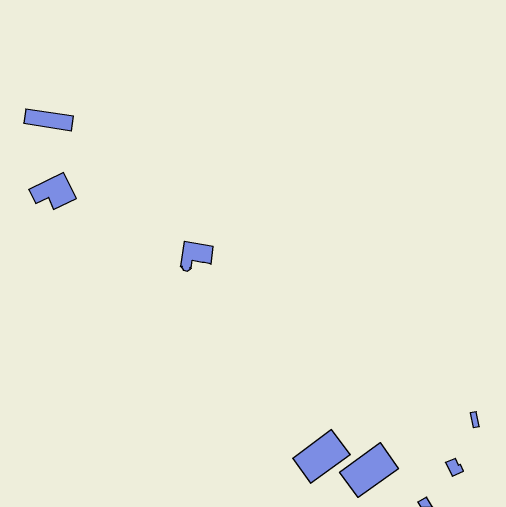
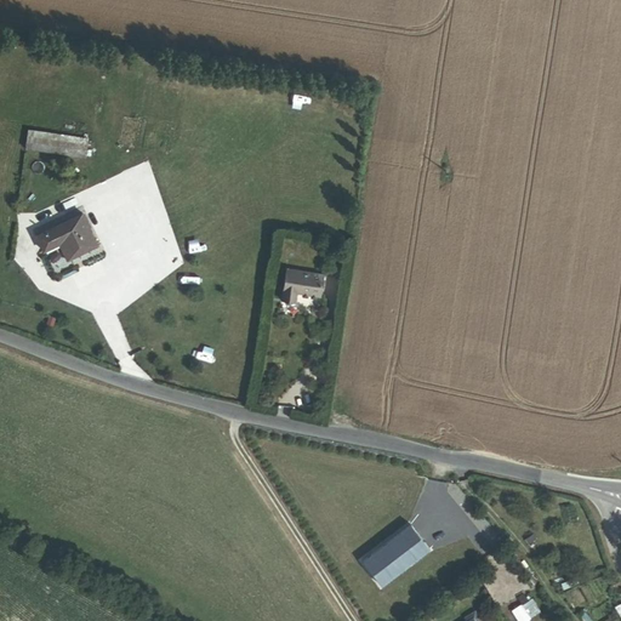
building: [180,241,213,271] -> [283,268,323,304]
building: [340,443,398,497] -> none

